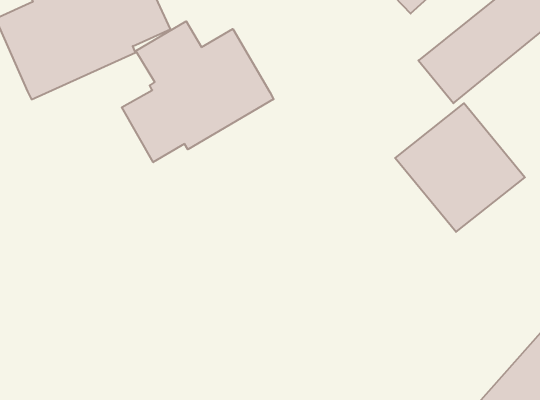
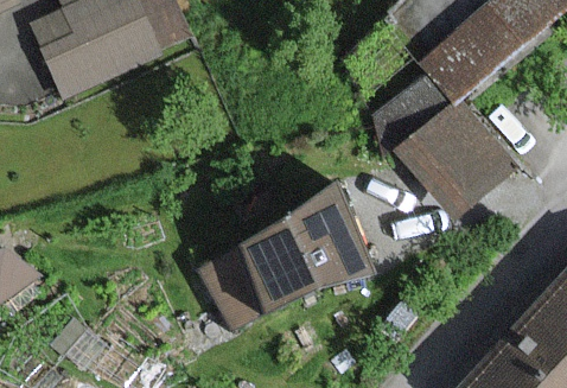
building: [122,21,274,162] -> none
building: none -> [199,182,371,324]

